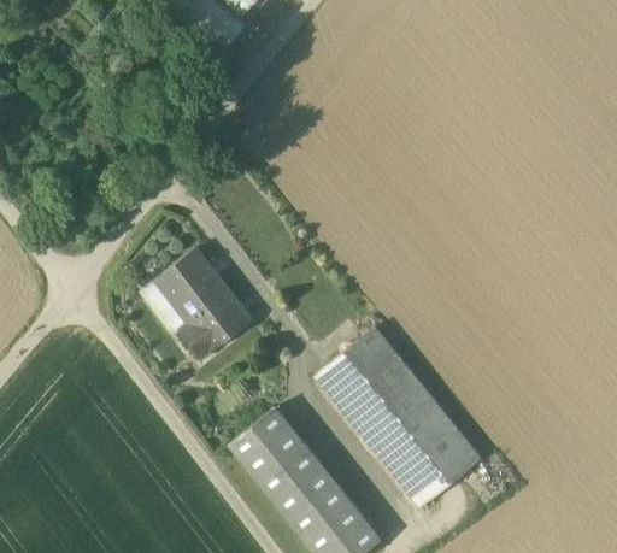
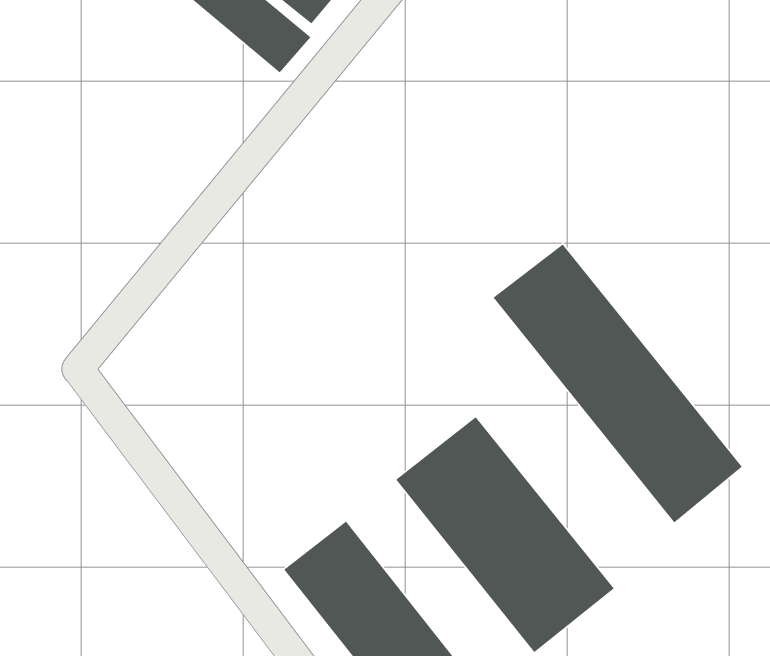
building: none -> [493,243,743,523]
building: [154,247,252,359] -> none

